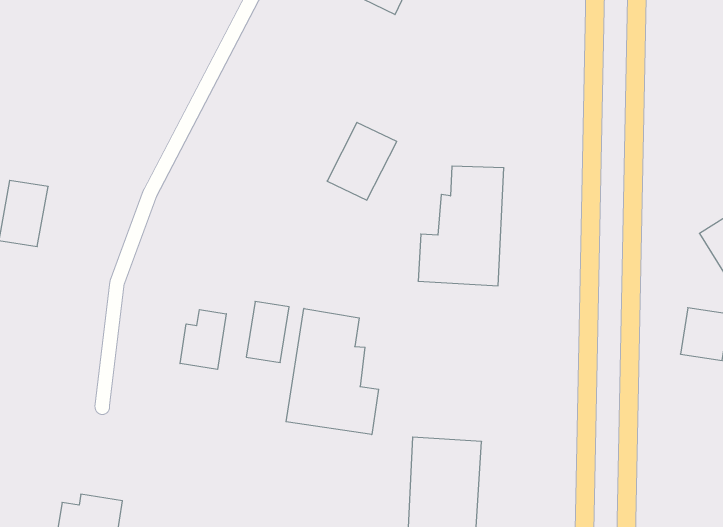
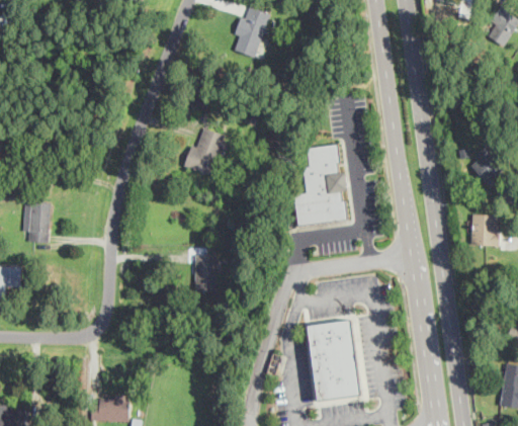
building: [327,122,397,200] -> [185,127,226,176]
building: [286,308,379,435] -> none
building: [180,310,226,369] -> none

